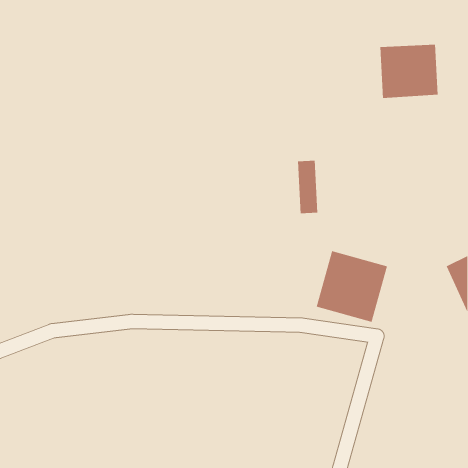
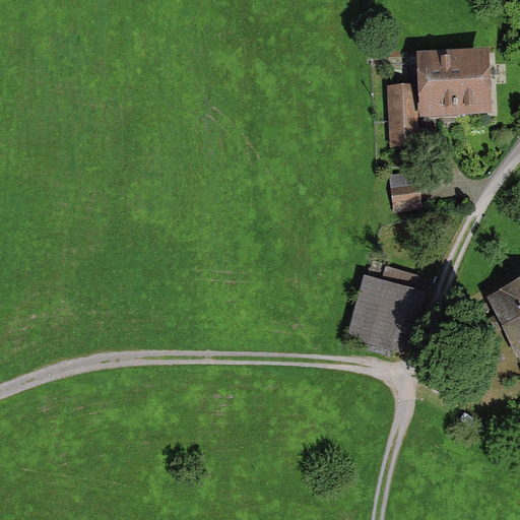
building: none -> [390,172,422,205]
building: [297,160,318,214] -> [387,84,410,143]

